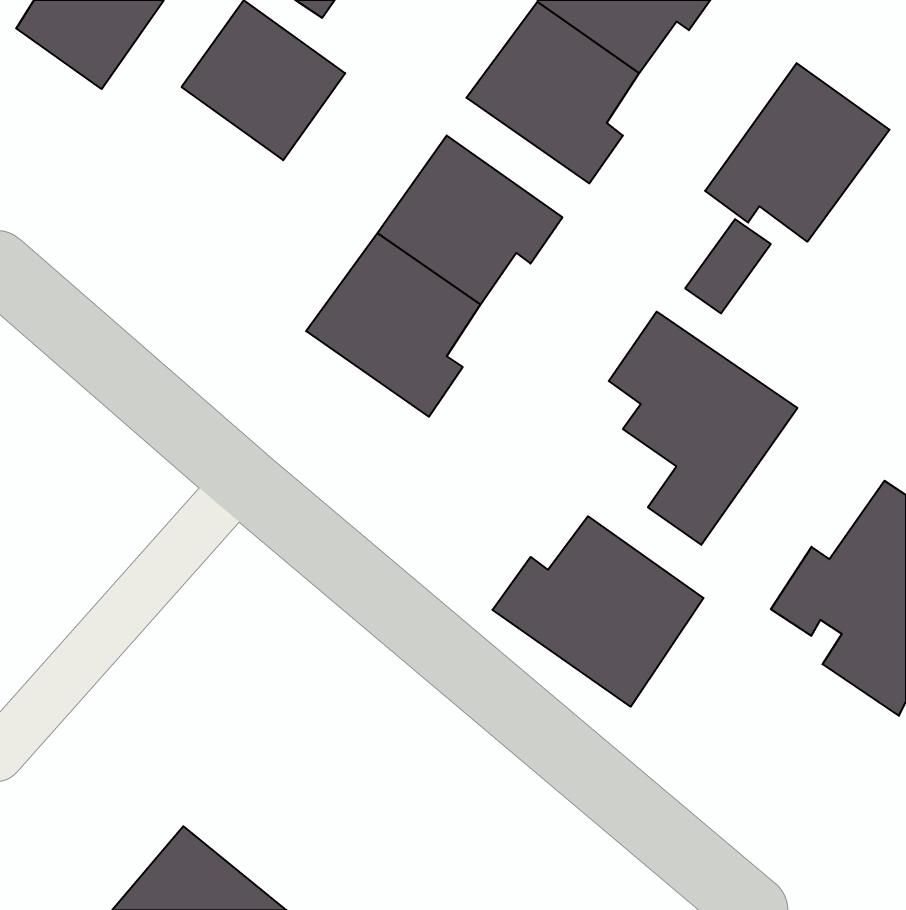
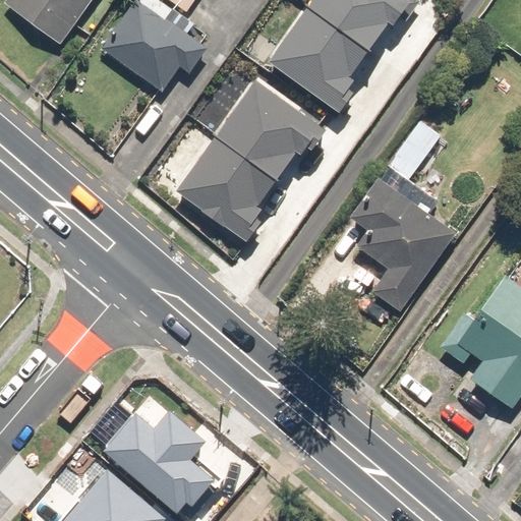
building: [705,63,890,242] -> none
building: [492,516,704,707] -> none
building: none -> [103,409,220,511]

